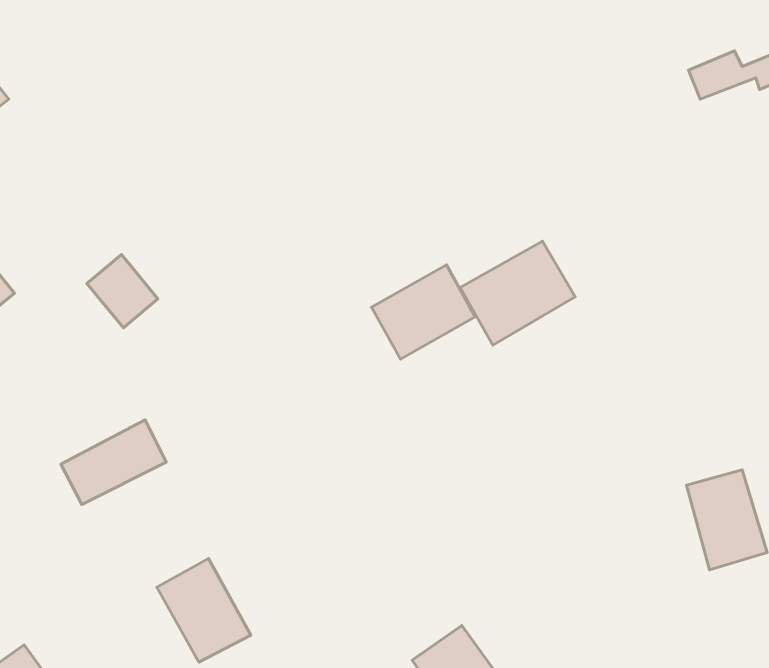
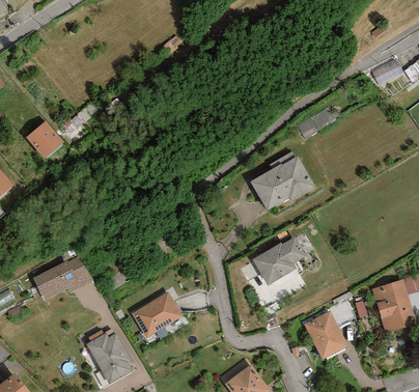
building: [87,255,158,328] -> [26,122,64,162]
building: [372,265,475,359] -> [253,239,309,289]
building: none -> [132,290,184,337]
building: none -> [303,311,348,361]

